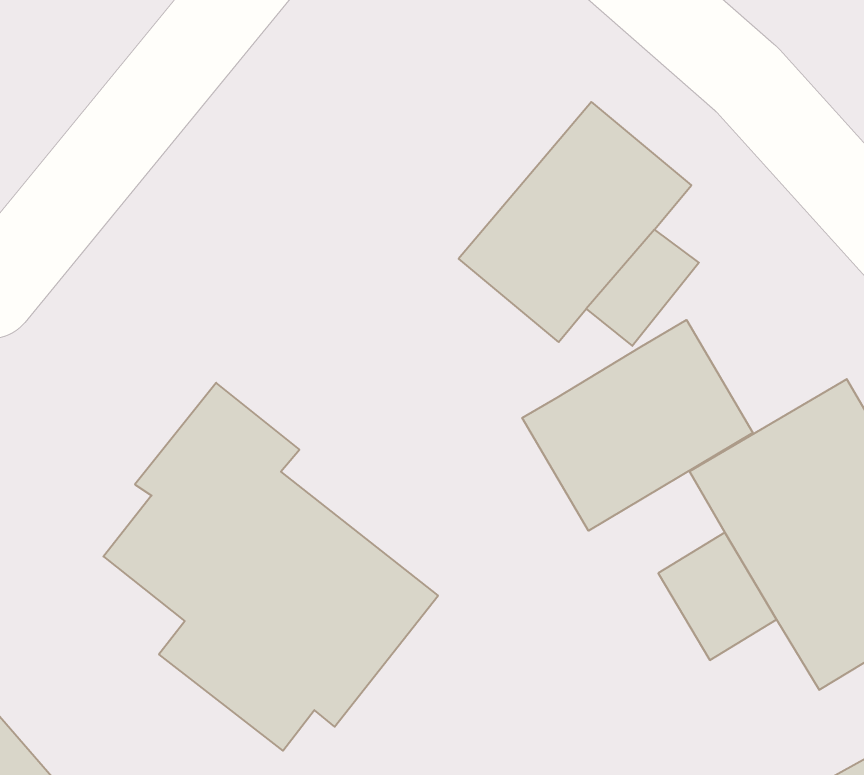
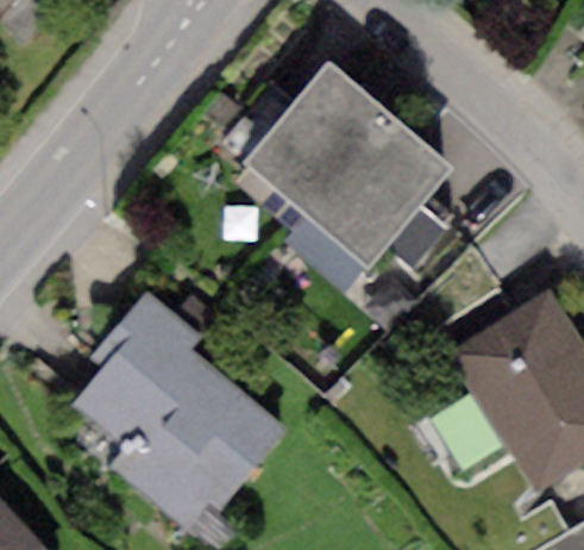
building: none -> [243,61,387,212]
building: [522,320,753,531] -> none

